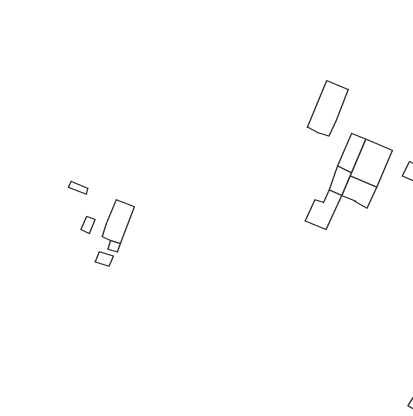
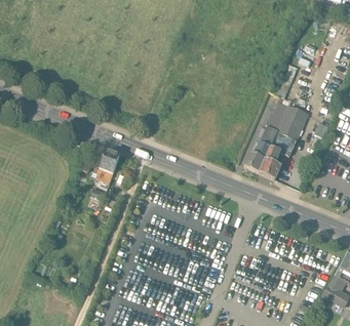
building: [307,81,348,136] -> none
building: none -> [260,146,281,177]

